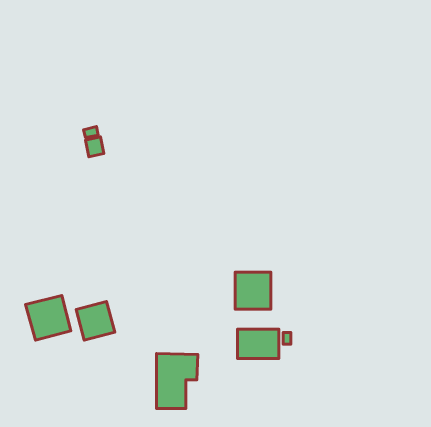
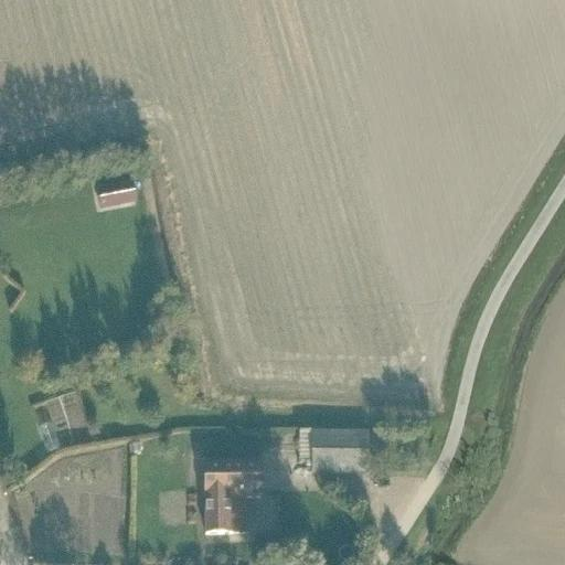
building: [235,272,271,309] -> none
building: [76,301,115,340] -> none

